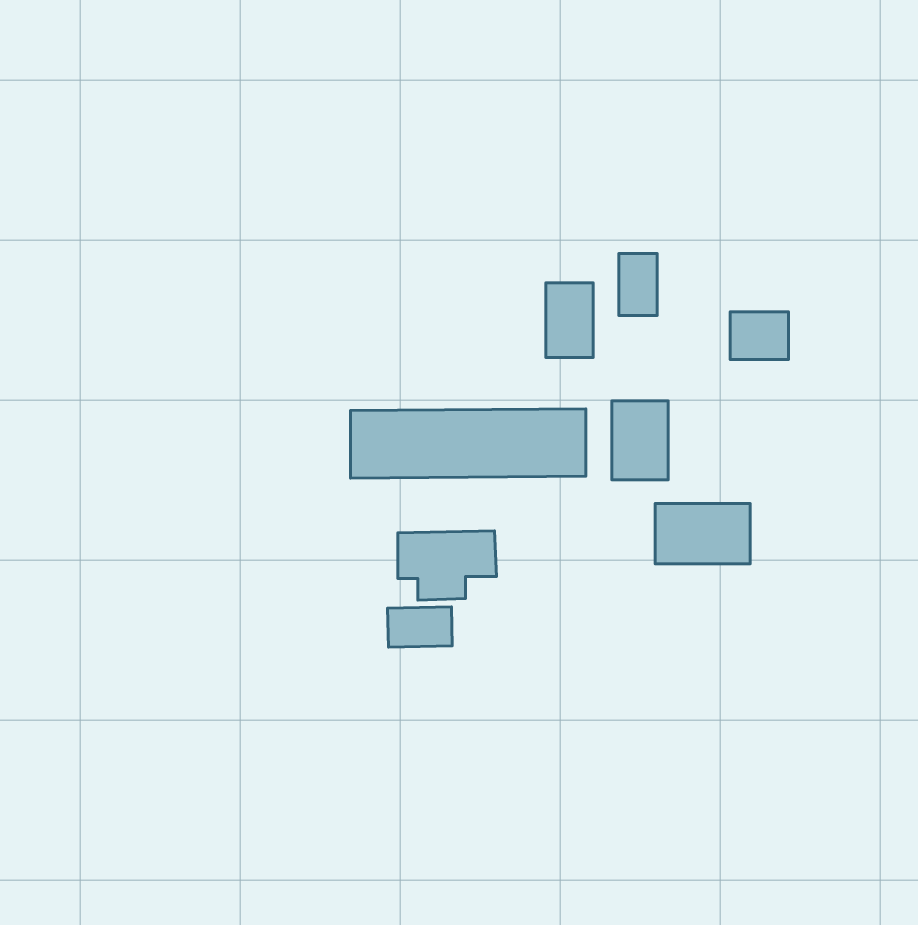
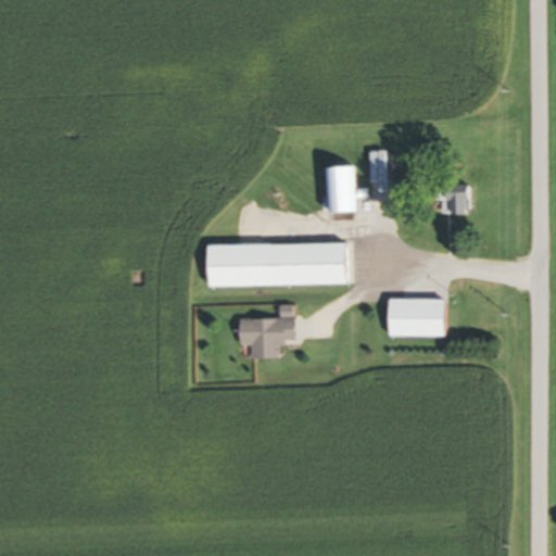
building: [612,401,668,480] -> none
building: [388,607,452,647] -> none

